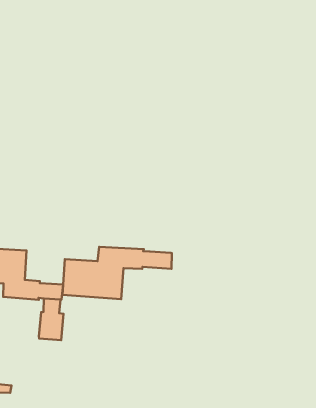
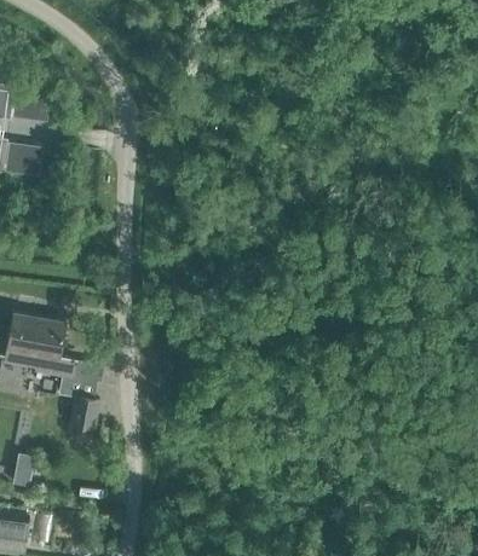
building: [62,247,172,299] -> none

